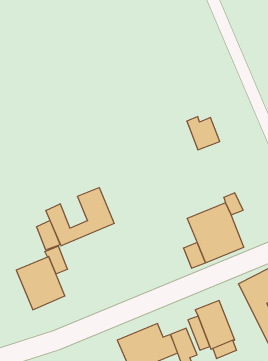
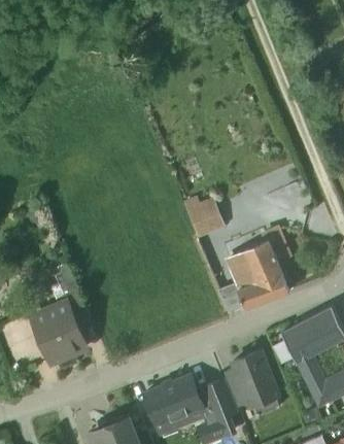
building: [187,117,220,150] -> [186,200,223,237]
building: [46,188,114,246] -> none

